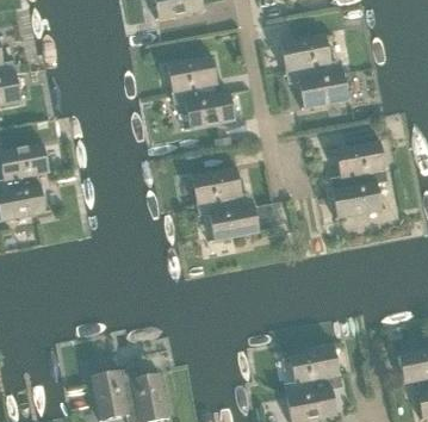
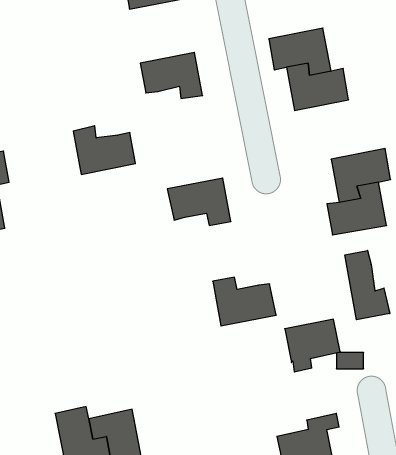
building: [181,86,236,129] -> [73,126,135,174]
building: [205,198,261,241] -> [213,277,276,326]
building: none -> [345,250,390,320]
building: [290,346,339,392] -> [285,319,340,372]

